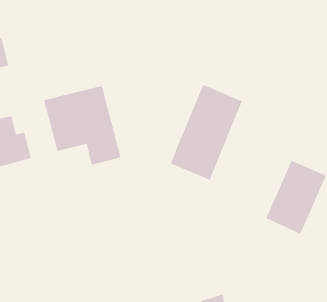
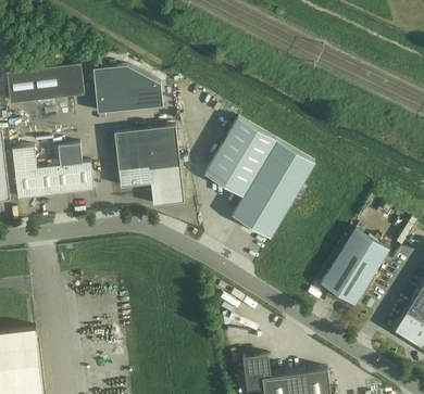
building: none -> [91,66,162,113]
building: none -> [204,116,276,195]

